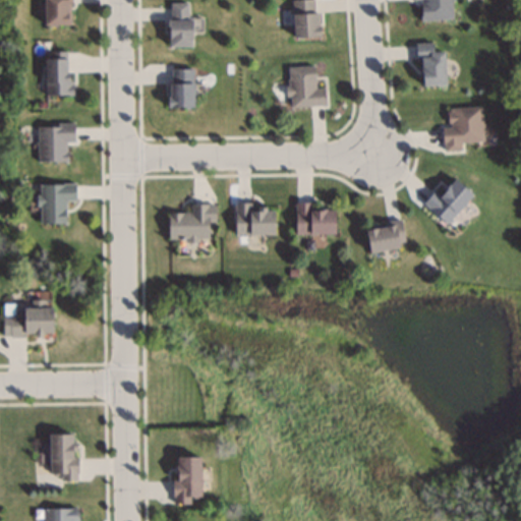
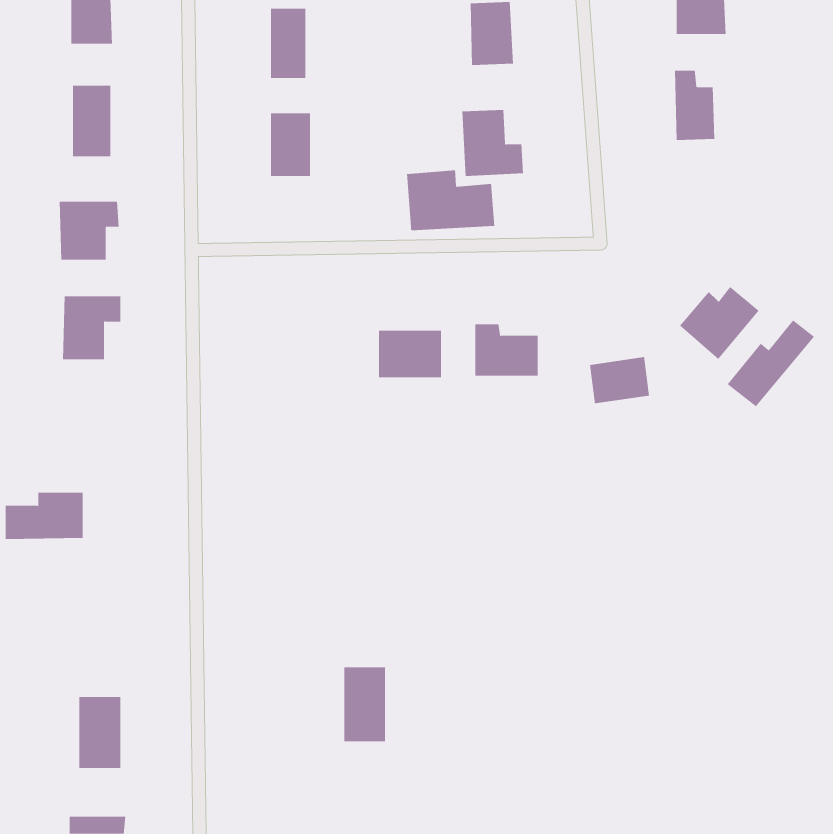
building: none -> [407,170,495,231]
building: [444,108,484,153] -> none
building: none -> [727,320,815,407]
building: [170,205,217,240] -> none
building: [176,456,202,503] -> [343,667,386,742]

